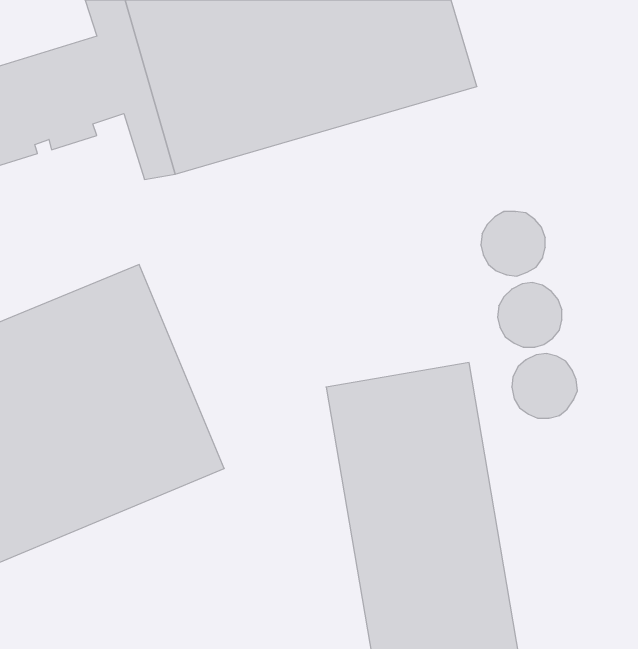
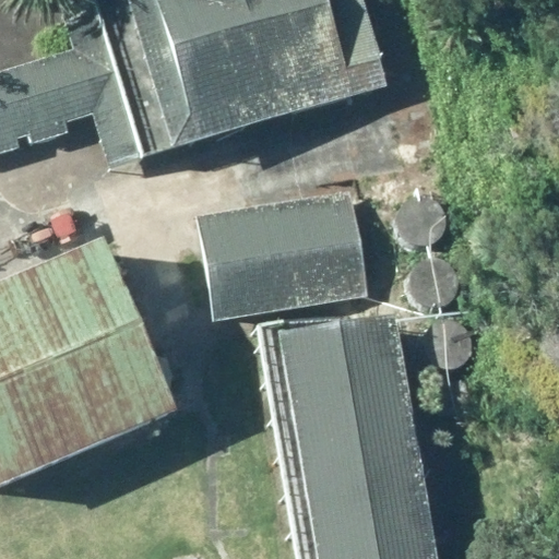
building: none -> [210,187,384,312]

